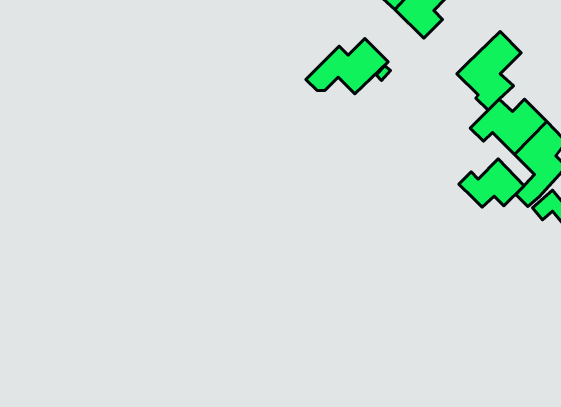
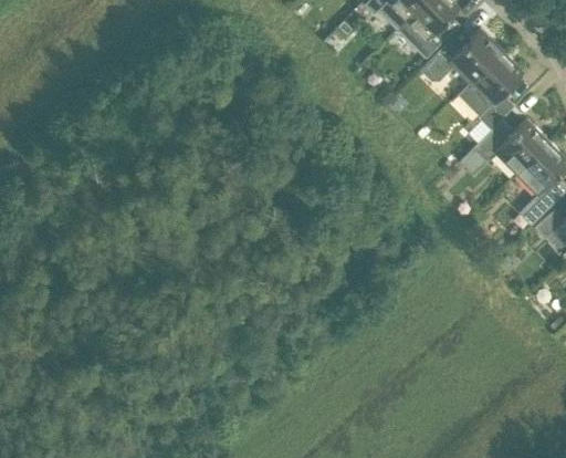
building: [306,39,388,94] -> [421,30,503,85]
building: [459,159,524,207] -> none

